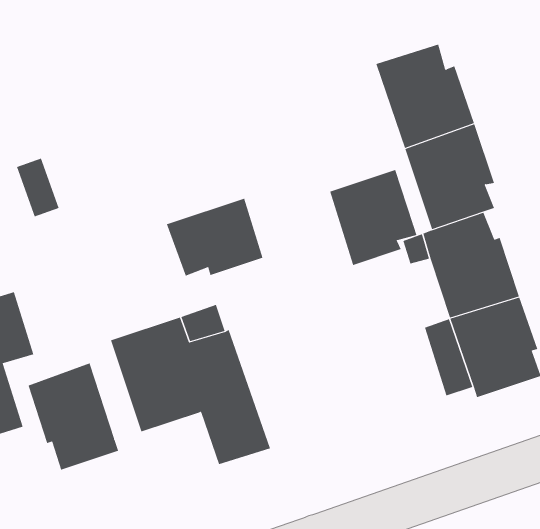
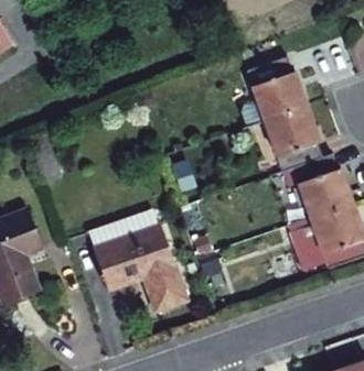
building: [329,169,417,266] -> none
building: [166,198,263,277] -> none
building: [28,363,119,471] -> none

